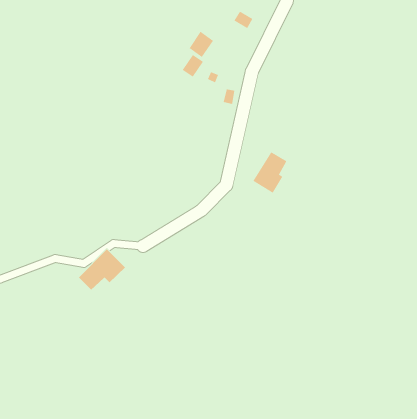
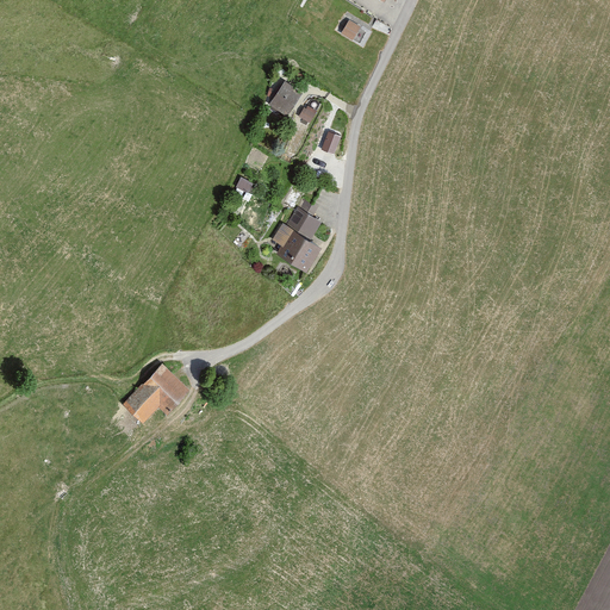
building: [189,31,214,58] -> none
building: [253,151,287,193] -> [273,208,323,269]

